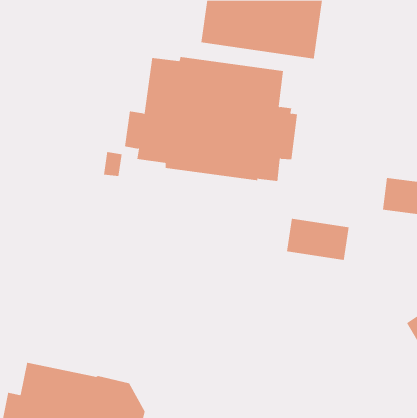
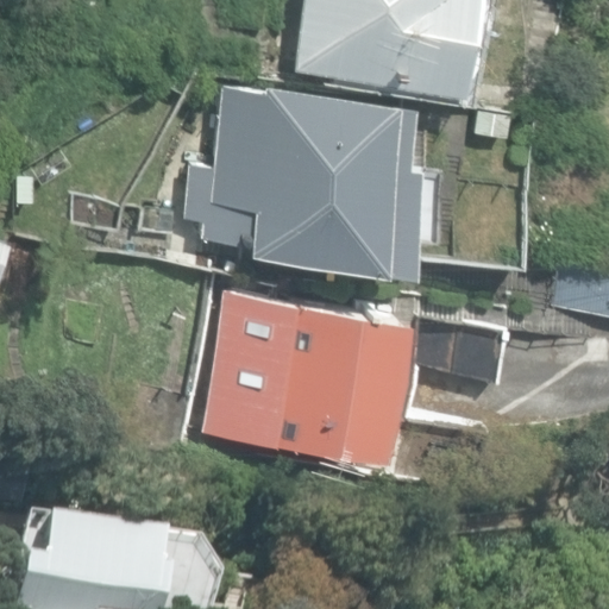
building: none -> [207,296,408,462]

